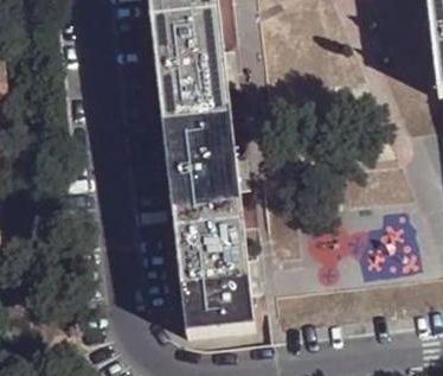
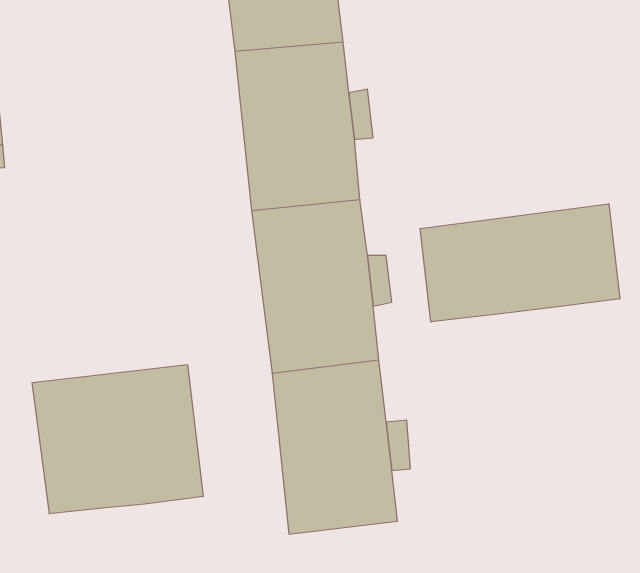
building: none -> [420,204,620,322]
building: none -> [32,365,203,514]

